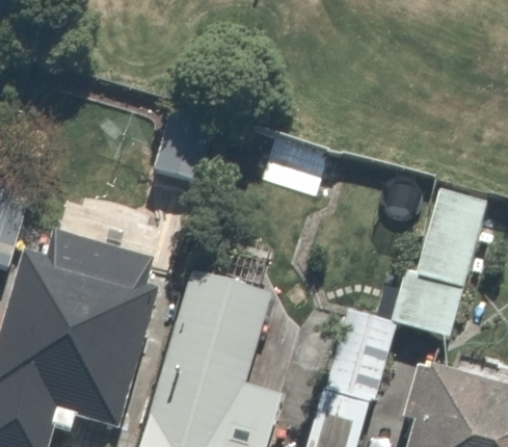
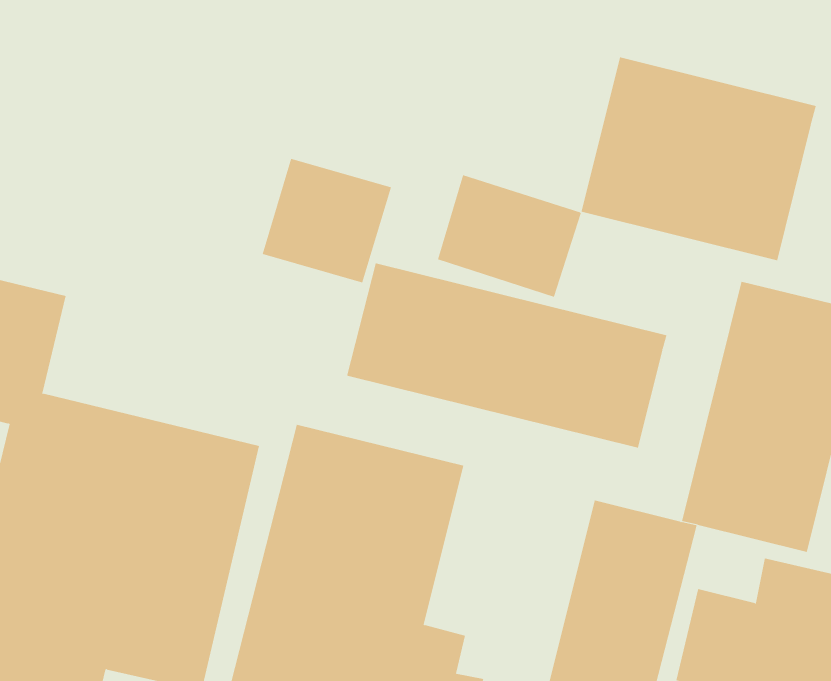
building: none -> [581,57,816,261]
building: none -> [346,262,667,449]

